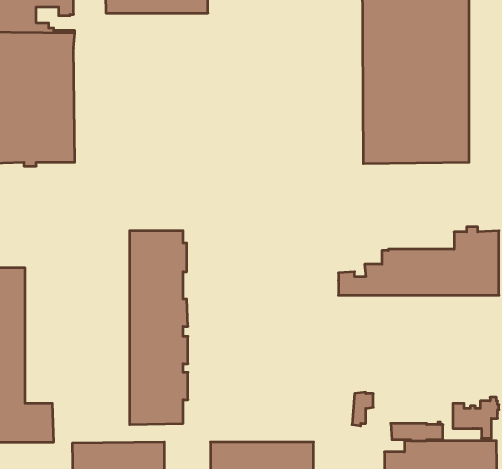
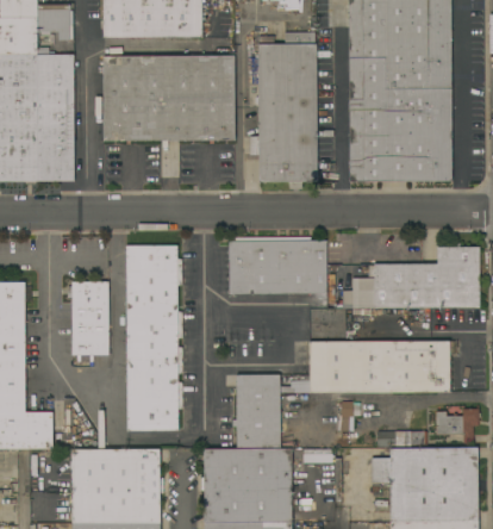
building: none -> [250,32,317,189]
building: none -> [102,56,235,141]
building: none -> [226,237,326,294]
building: none -> [67,282,108,355]
building: none -> [289,342,455,393]
building: none -> [232,374,280,449]

